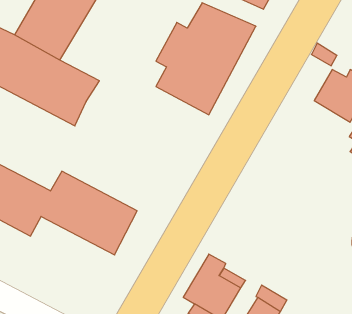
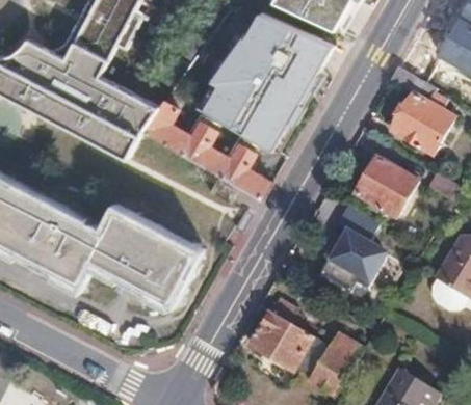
building: none -> [138,100,268,200]
building: none -> [351,157,414,217]
building: none -> [321,226,391,297]

